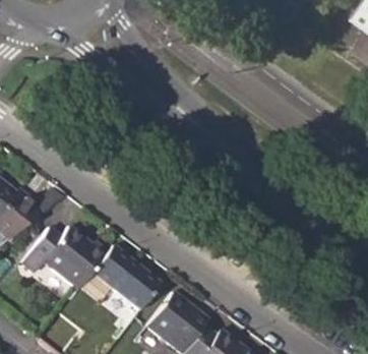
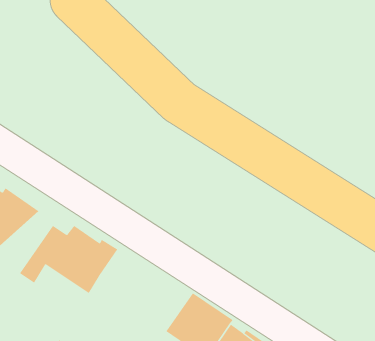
building: [96,243,165,308] -> none

